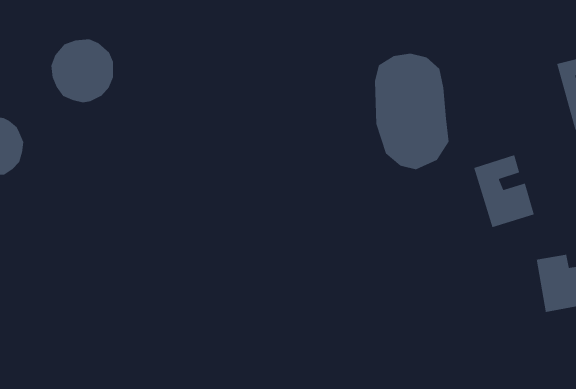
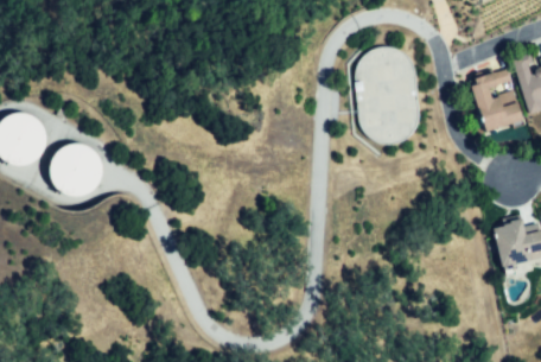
building: [50,39,114,103] -> [45,140,101,197]
building: [473,154,535,228] -> [467,68,522,133]

